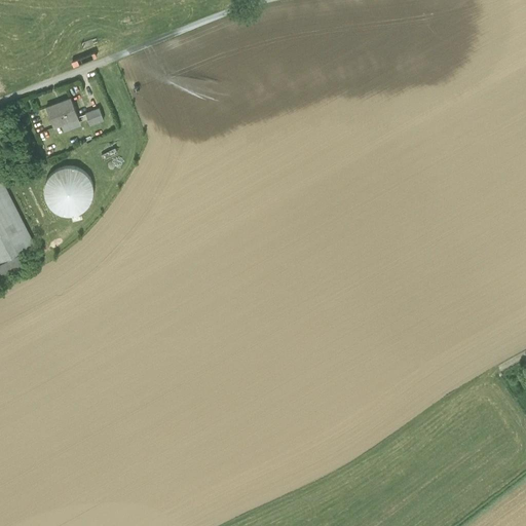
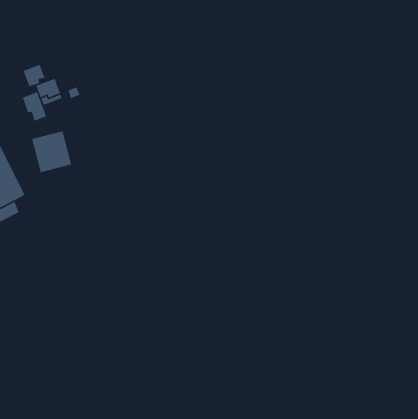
building: none -> [23,64,46,87]
building: none -> [22,91,47,122]

